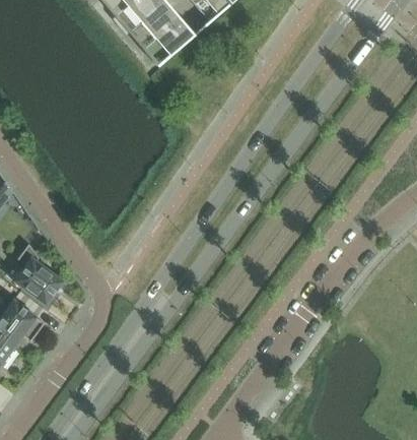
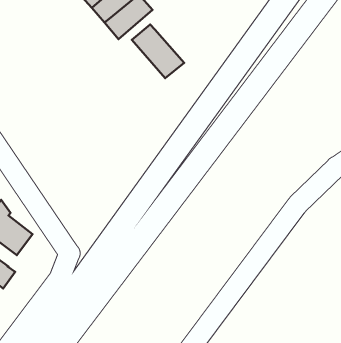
building: none -> [132,24,184,78]

